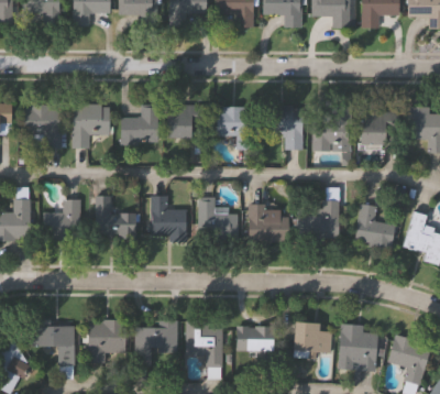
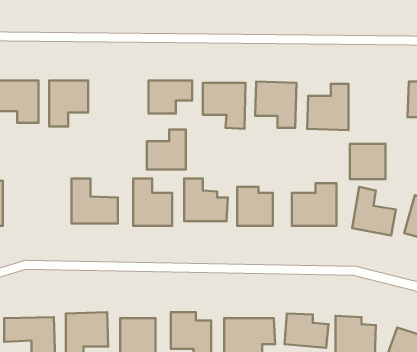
building: [121,107,157,144] -> [147,129,186,170]
building: [360,110,393,143] -> [350,144,385,179]
building: [43,199,81,240] -> none

